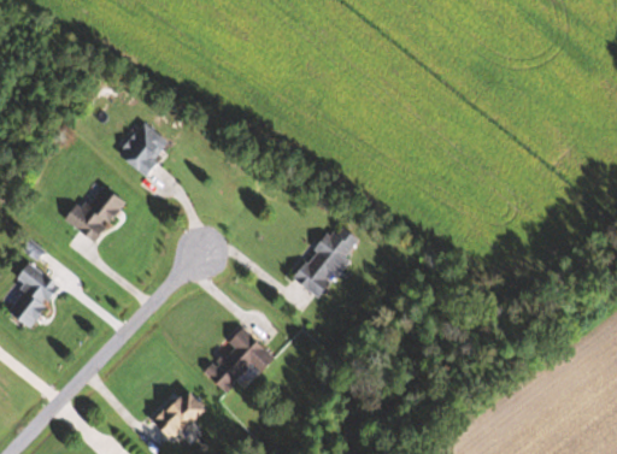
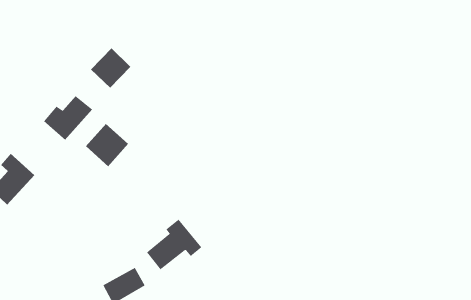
building: none -> [85,123,129,167]
building: [293,226,360,297] -> none

